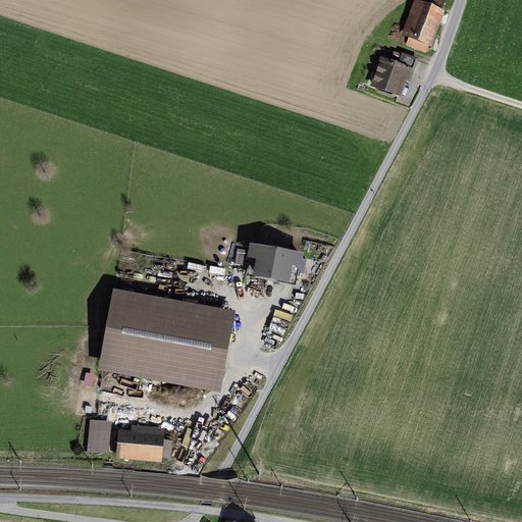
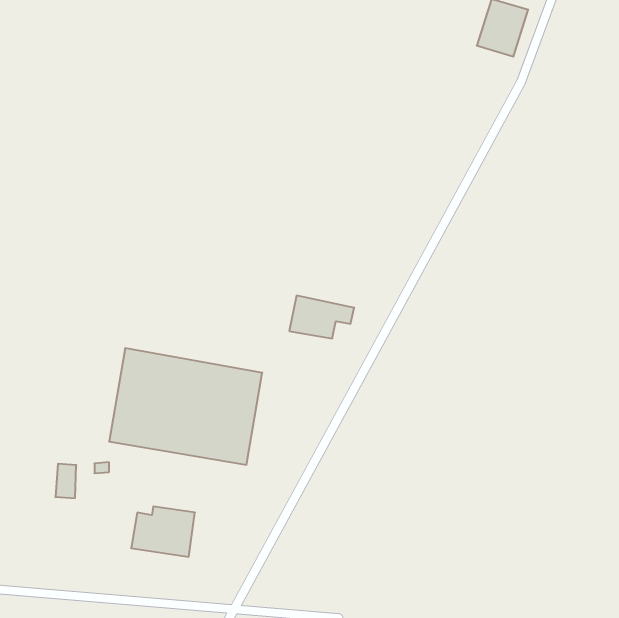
building: [373,56,414,97] -> none
building: [89,419,106,448] -> [55,464,76,498]

